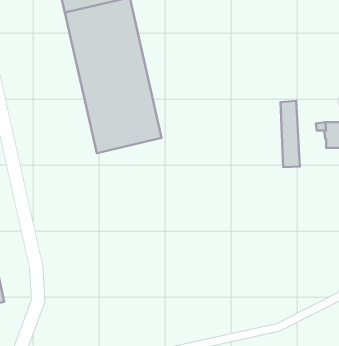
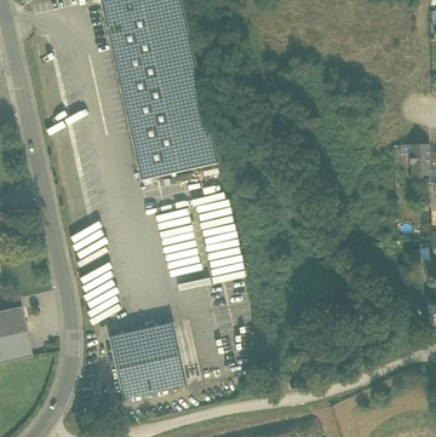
building: [281,101,300,167] -> none
building: none -> [108,323,187,399]

